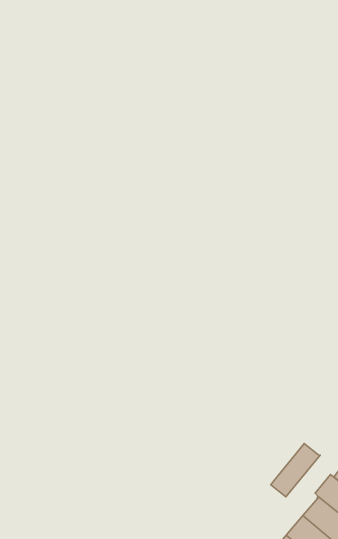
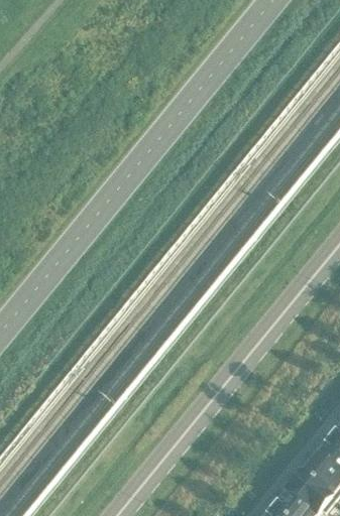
building: [271,443,320,497] -> none

